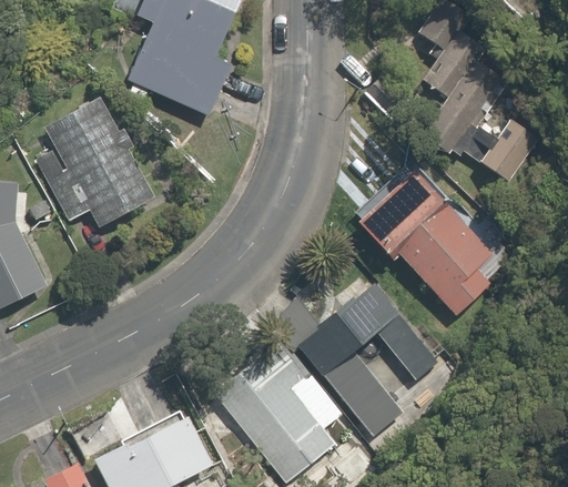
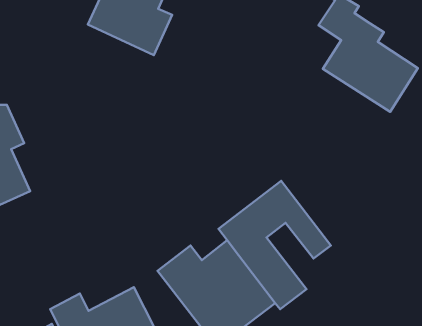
building: [34,95,154,230] -> none
building: [354,166,515,313] -> none

